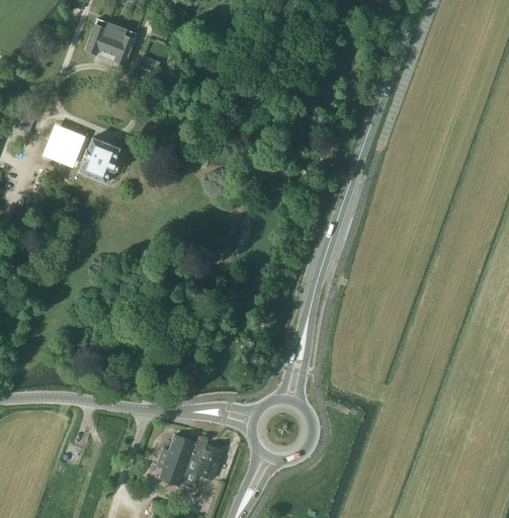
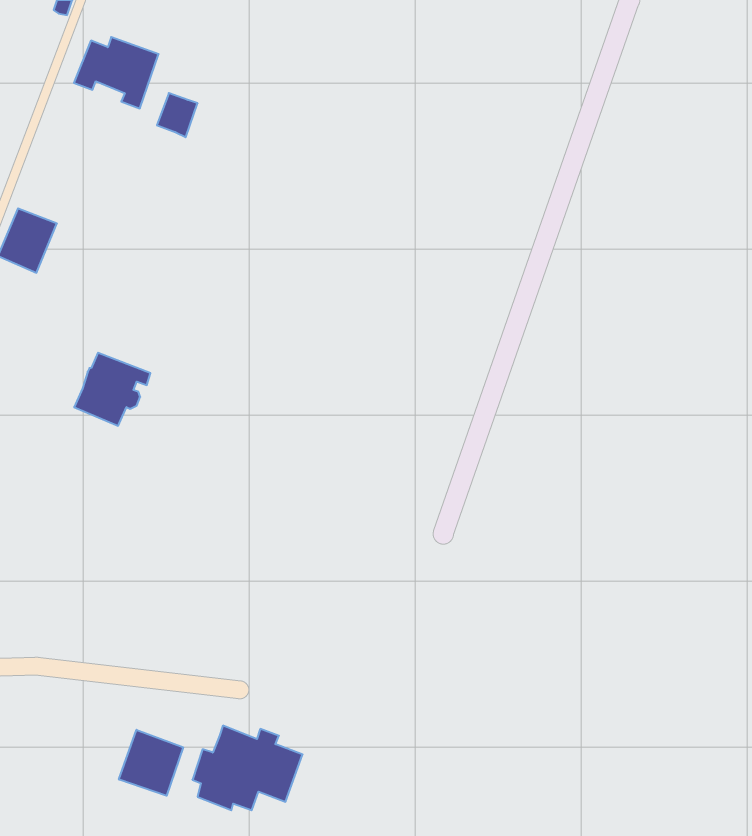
building: [79,140,124,183] -> [74,353,150,426]
building: none -> [119,730,183,796]

